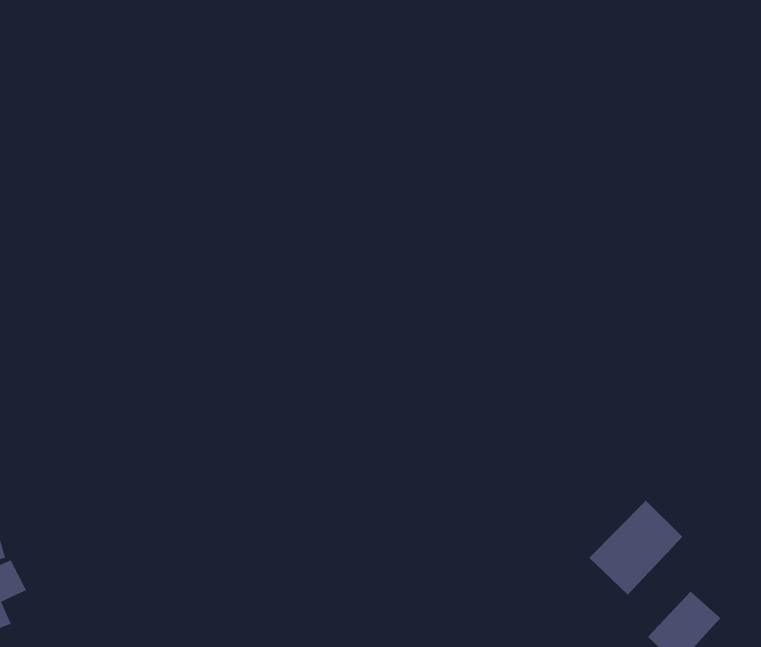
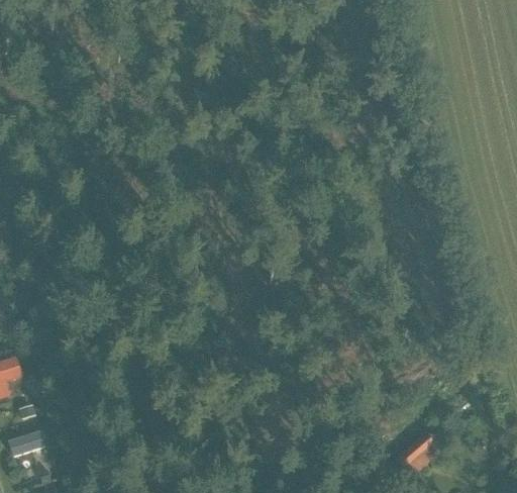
building: [588,500,683,595] -> none

